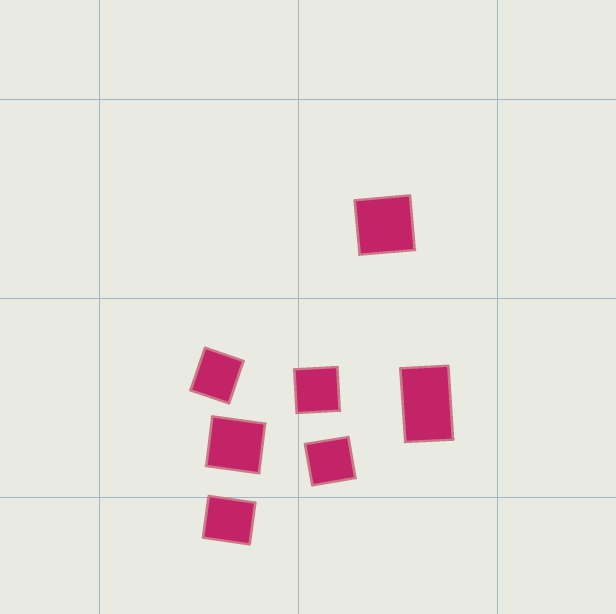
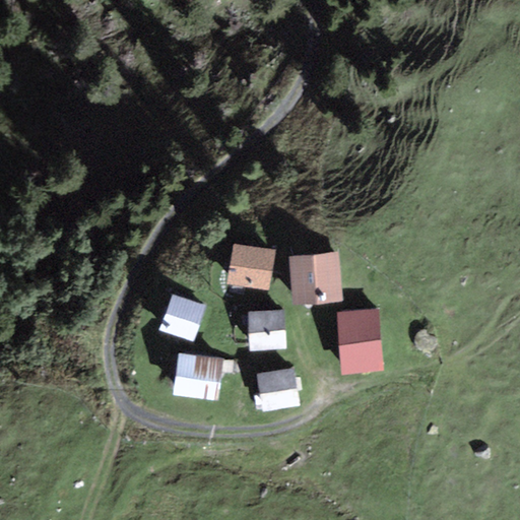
building: [355,196,415,255] -> [290,252,341,302]
building: none -> [228,243,274,288]
building: [203,496,255,544] -> none

